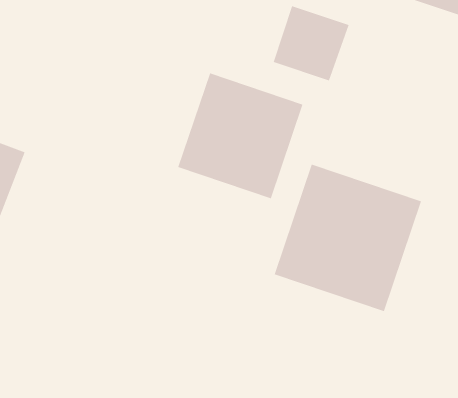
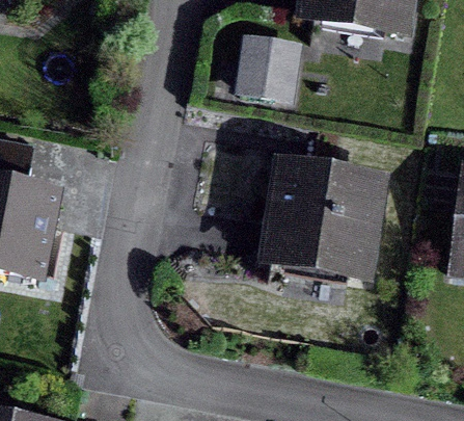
building: [178,73,303,199] -> none

